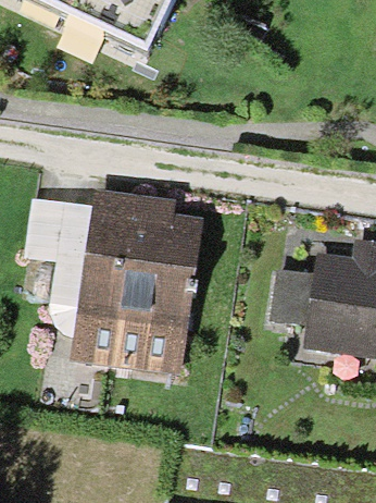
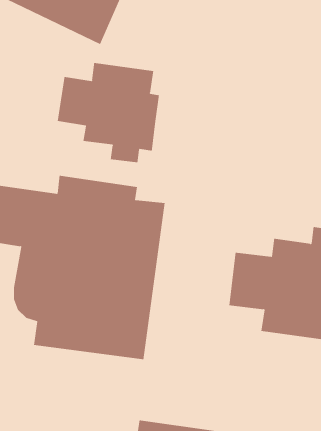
building: none -> [57,62,159,163]

